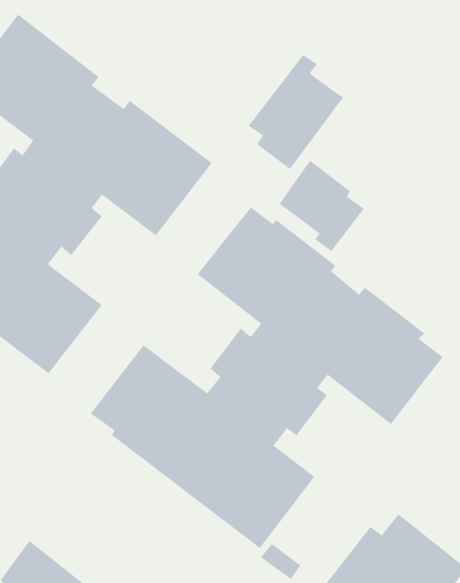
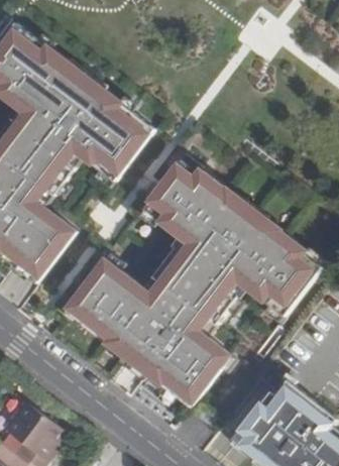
building: [248,54,344,170] -> none
building: [279,160,365,252] -> none

